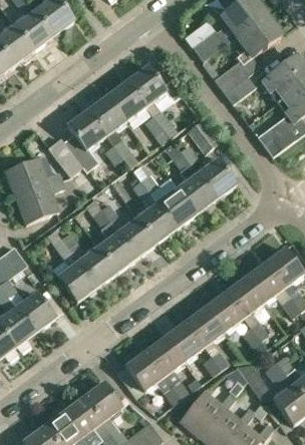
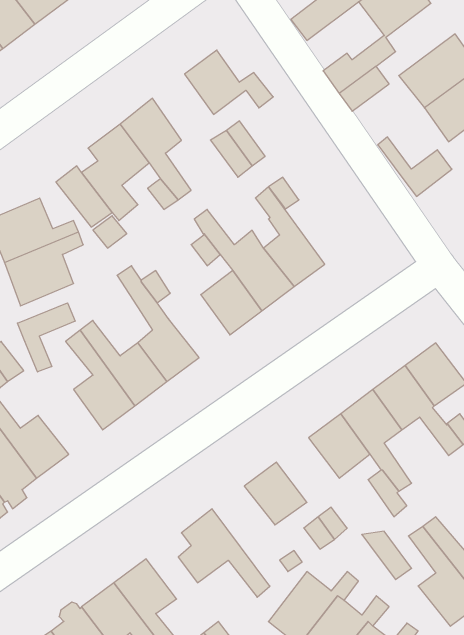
building: [107,80,145,121] -> none
building: [186,120,218,154] -> none
building: [197,158,235,198] -> none
building: [117,217,156,257] -> none
building: none -> [17,303,75,372]
building: [185,307,224,347] -> none
building: [144,337,190,399] -> none

